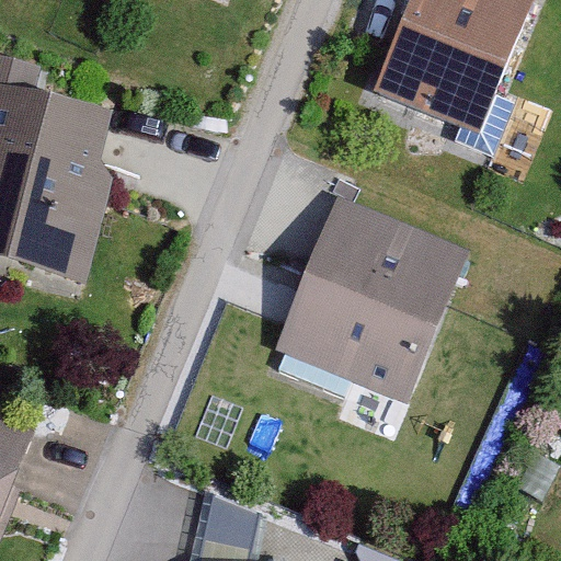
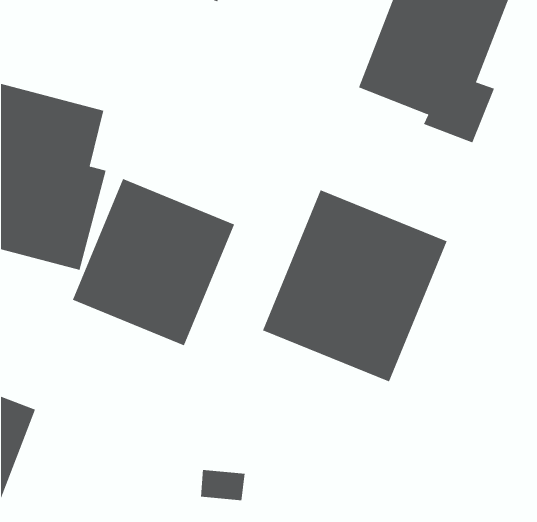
building: none -> [72,178,235,346]

